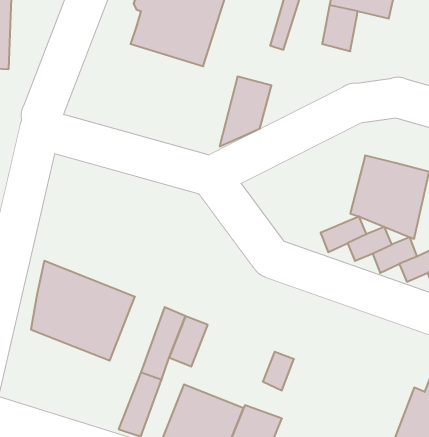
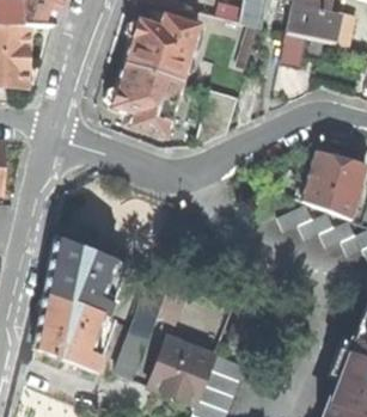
building: none -> [106,63,184,136]
building: none -> [35,293,116,373]

